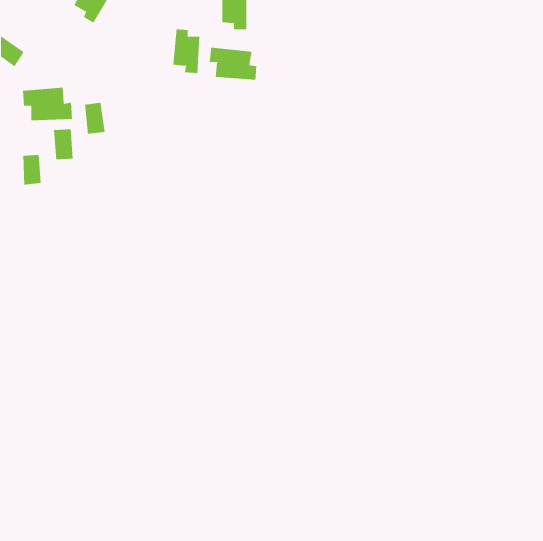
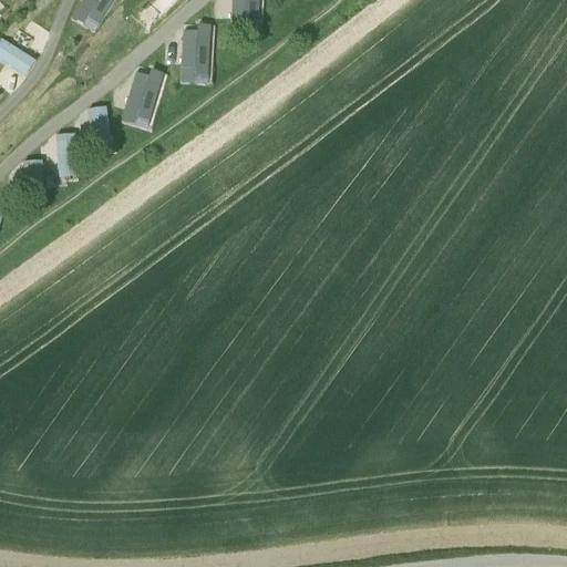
building: [209,47,257,81] -> none
building: none -> [126,72,161,122]
building: [22,87,73,121] -> none

